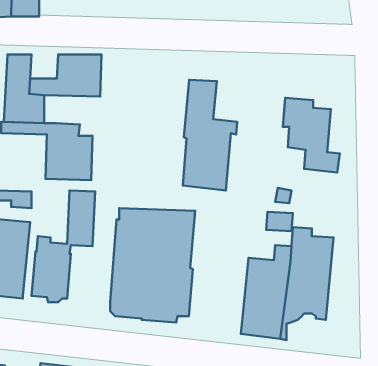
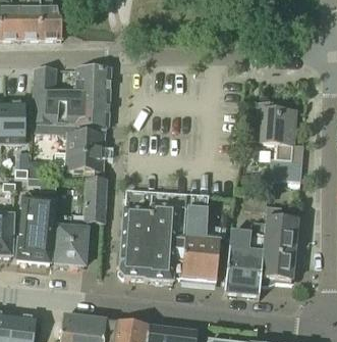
building: [183,80,237,190] -> [182,192,226,281]
building: none -> [66,99,111,124]
building: none -> [269,158,301,180]

